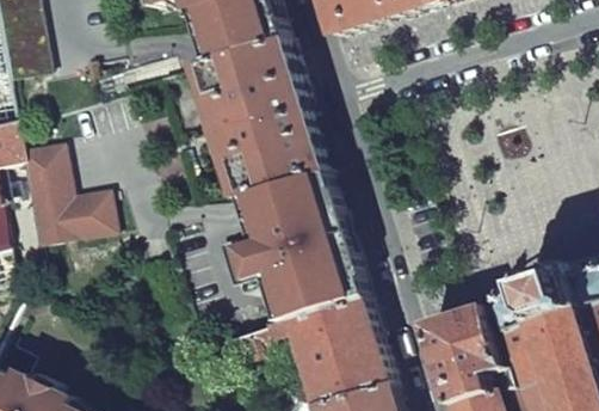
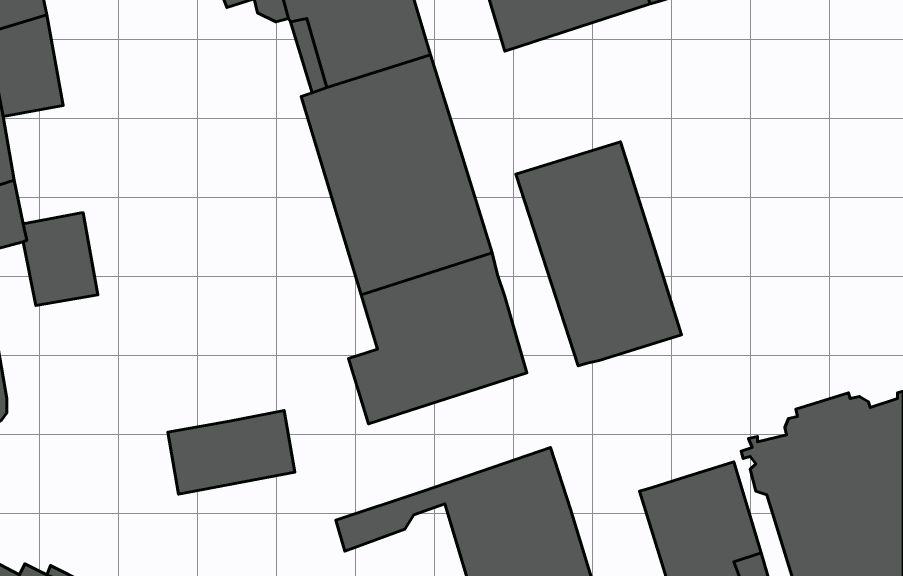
building: none -> [516,142,682,366]
building: [24,191,107,246] -> [168,410,295,494]
building: [242,250,362,327] -> none

